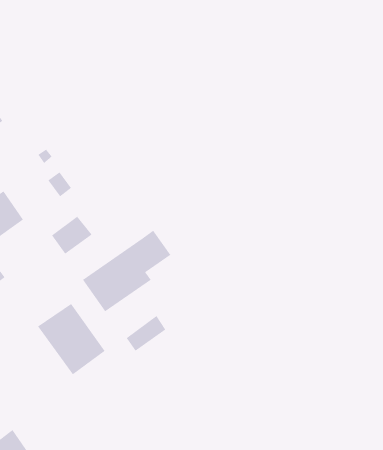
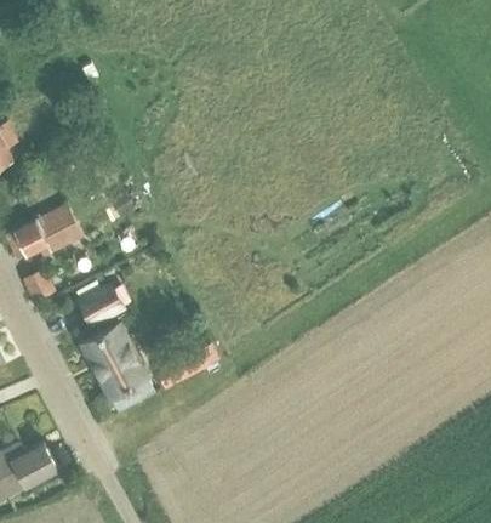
building: [51,216,93,254] -> [81,286,122,323]
building: [82,230,171,312] -> none

